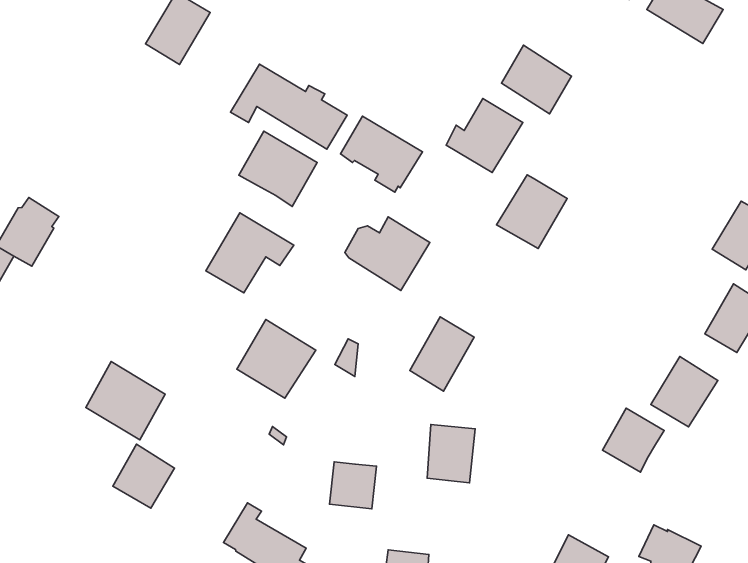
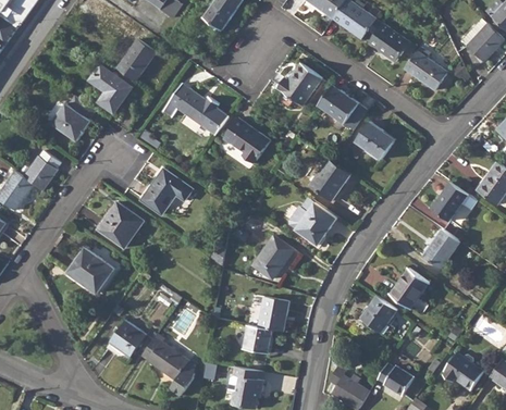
building: none -> [89,65,131,112]
building: none -> [50,95,94,141]
building: [446,99,523,172] -> [277,62,322,104]
building: none -> [355,121,395,159]
building: [239,131,317,207] -> none
building: [345,217,430,290] -> [287,201,336,244]
building: [237,319,316,398] -> [98,201,144,247]
building: [113,444,175,508] -> [109,320,145,357]
building: [330,462,376,509] -> [243,324,271,352]

